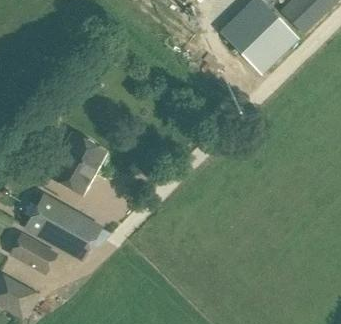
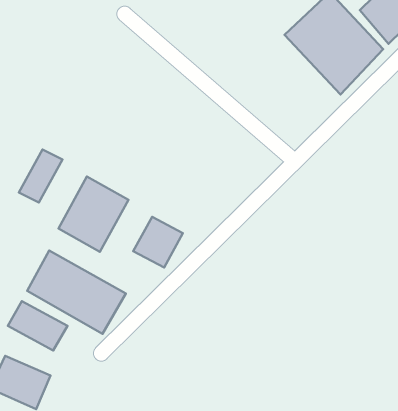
building: none -> [19,150,62,203]
building: none -> [133,217,183,267]

